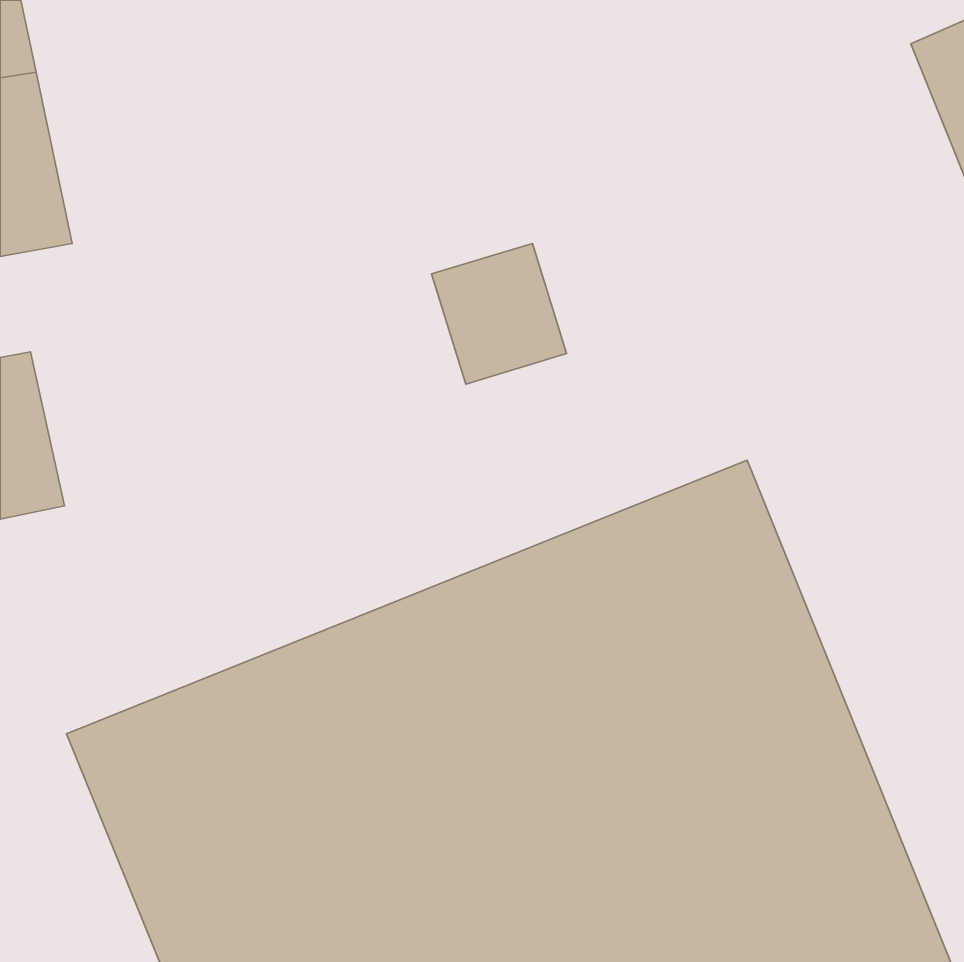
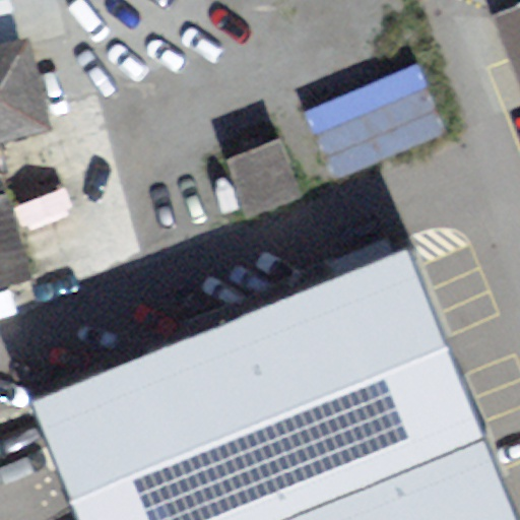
building: none -> [312,63,451,173]

